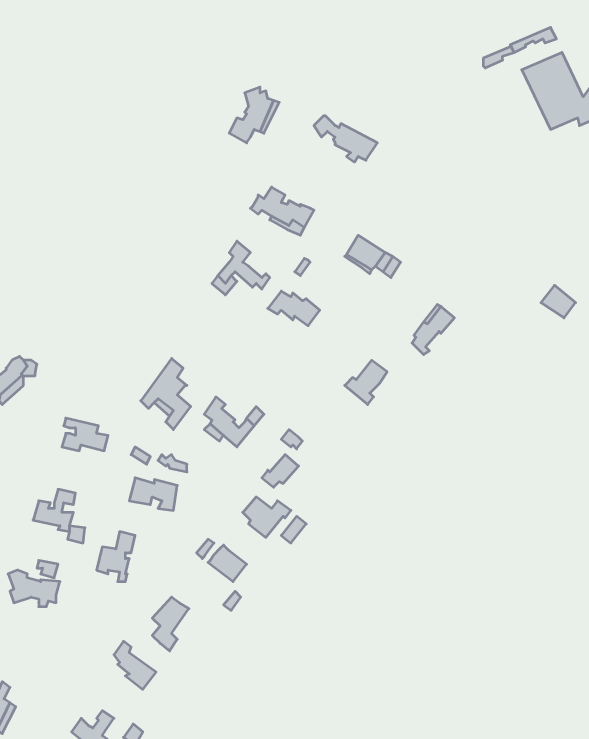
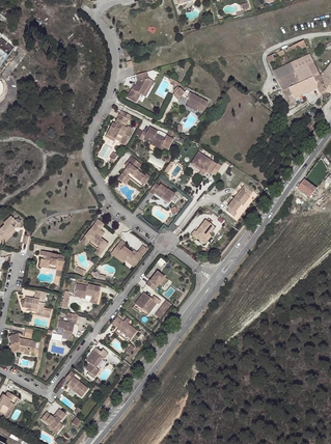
building: none -> [271,62,302,107]
building: none -> [108,109,134,143]

